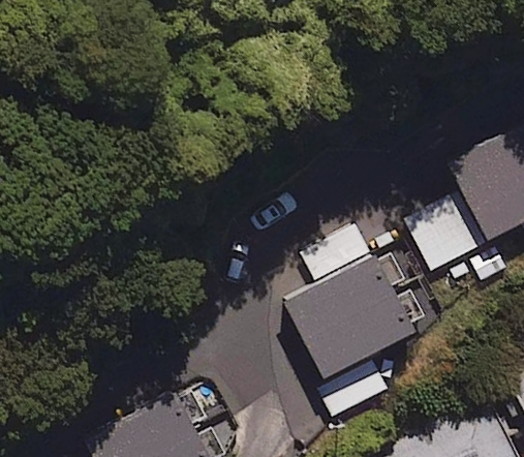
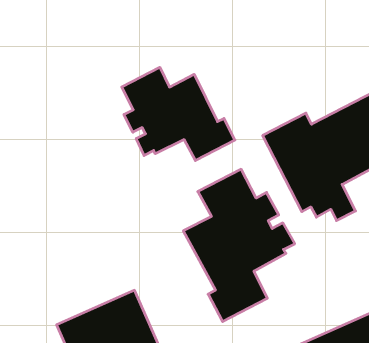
building: none -> [122,67,235,161]

